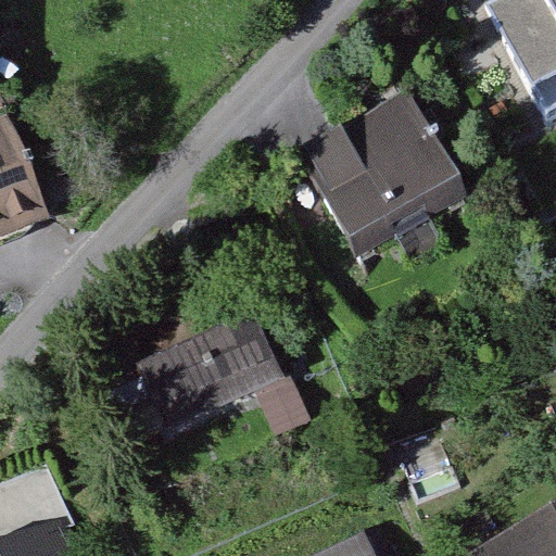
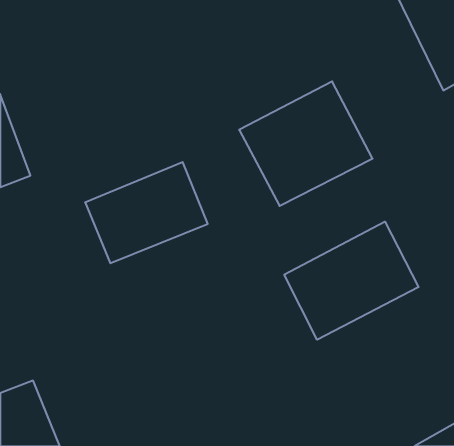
building: none -> [284,222,419,340]
building: [144,313,293,435] -> [85,162,208,263]

